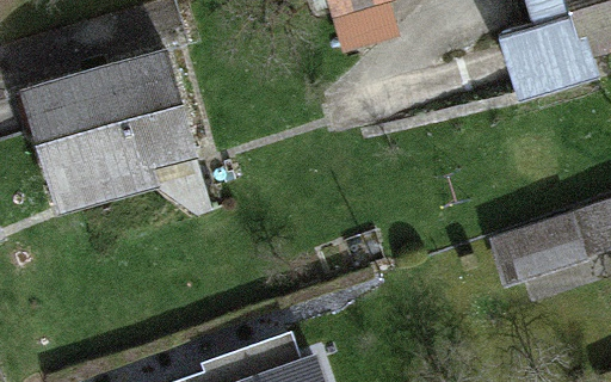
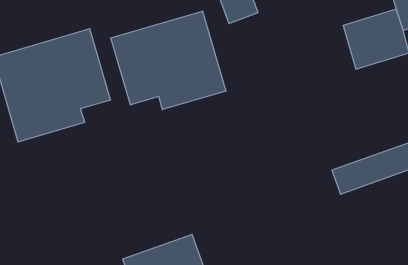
building: none -> [111,11,226,110]

